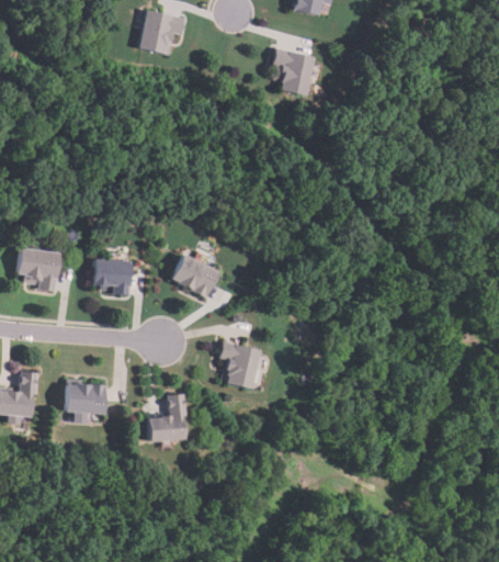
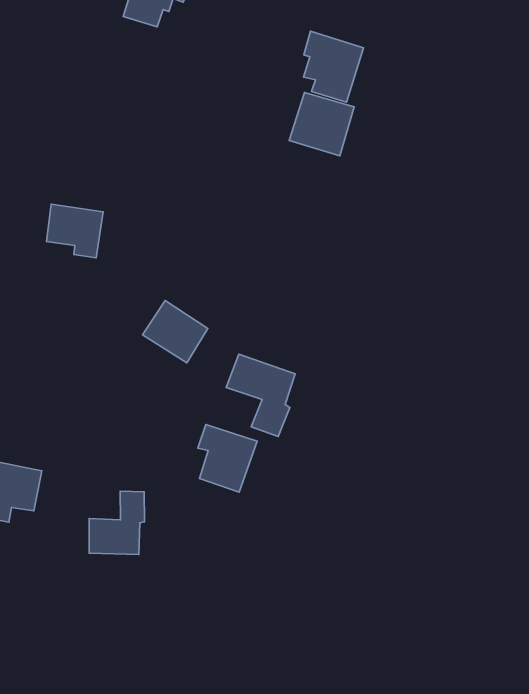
building: none -> [289,92,354,156]
building: [94,259,134,295] -> [46,204,103,258]
building: none -> [226,354,295,436]

